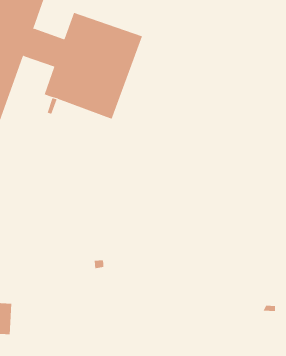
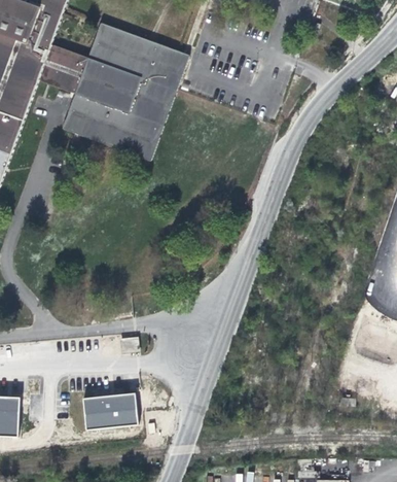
building: none -> [83,392,139,429]

